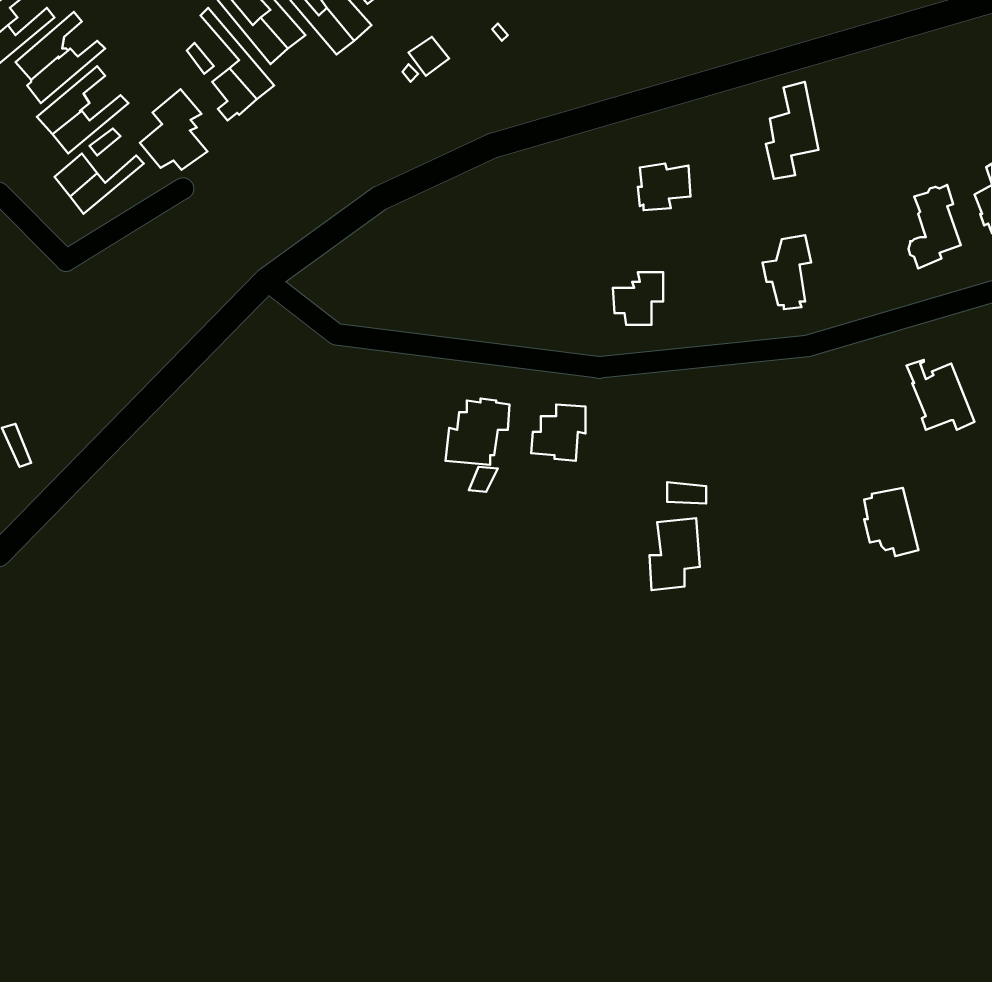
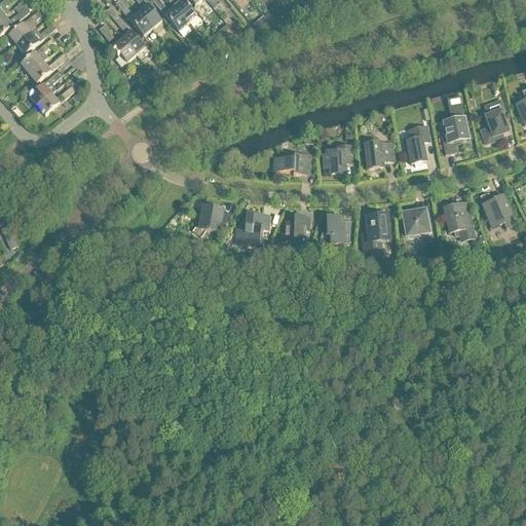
building: [766,82,818,179] -> [441,101,468,152]
building: [140,89,207,170] -> none
building: [638,164,690,210] -> [365,141,392,165]
building: none -> [272,152,309,173]
building: none -> [191,203,231,235]
building: none -> [402,208,429,234]
building: none -> [320,214,349,241]
building: [864,488,918,556] -> [445,201,474,237]
building: [649,518,700,590] -> [362,212,388,250]

